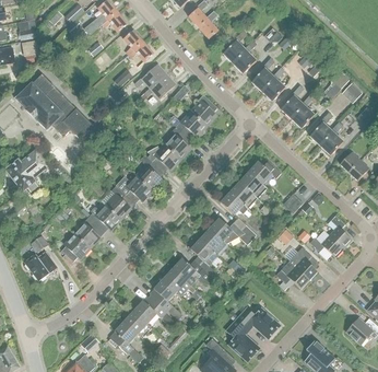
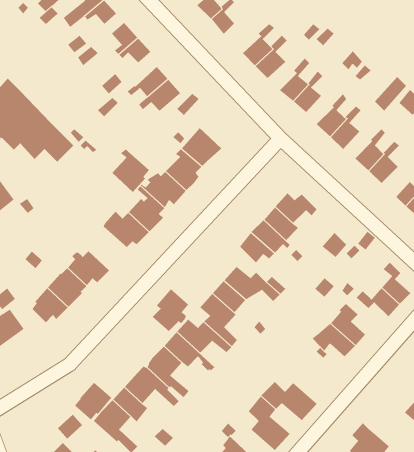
building: [189,92,222,127] -> none
building: [104,187,133,221] -> [112,149,150,193]
building: none -> [152,288,189,332]
building: none -> [74,382,112,420]

